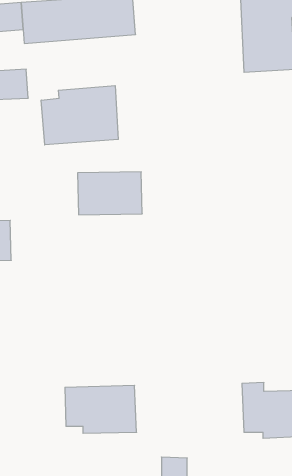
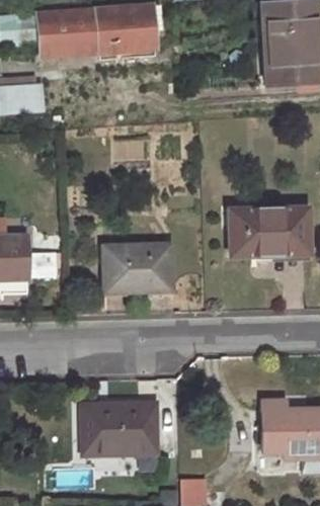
building: [41,86,118,145] -> none
building: [78,172,142,215] -> [104,246,170,289]
building: none -> [229,207,307,255]

